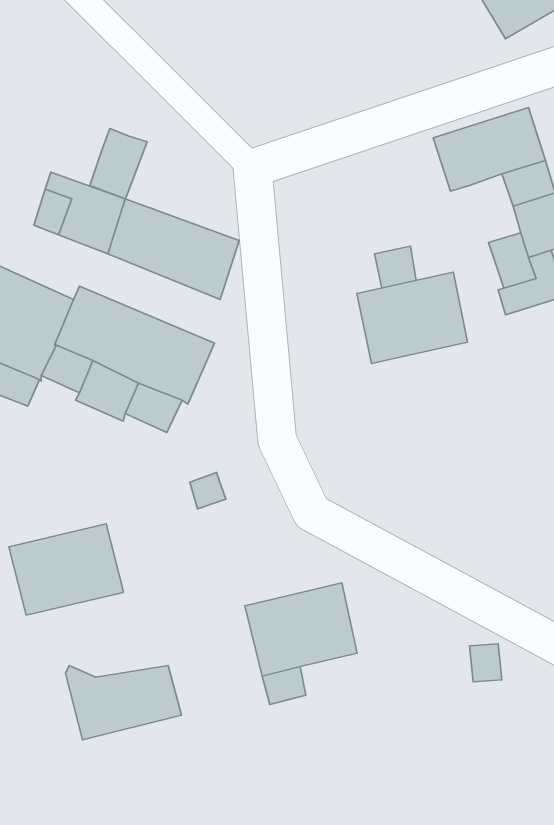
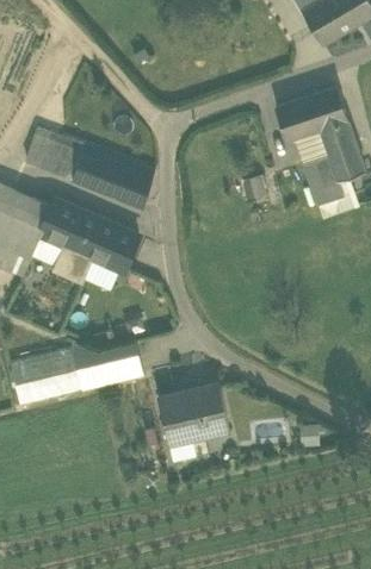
building: [90,129,147,199] -> none
building: none -> [298,129,330,171]
building: [357,272,468,364] -> none
building: [65,666,181,740] -> [70,343,143,389]

